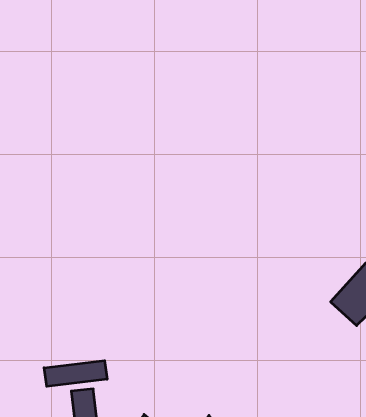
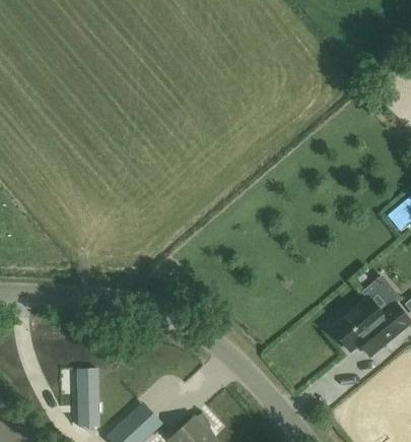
building: [44,361,107,386] -> none

